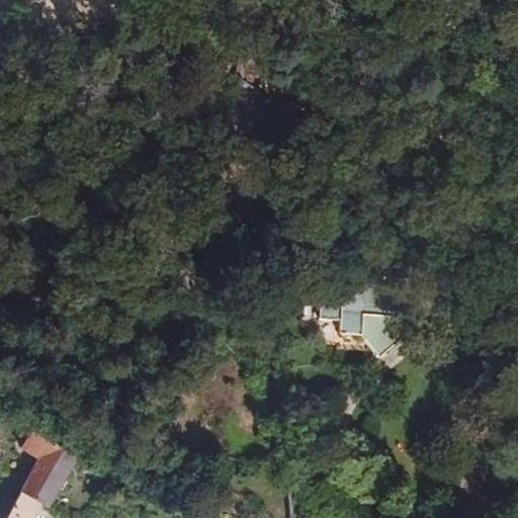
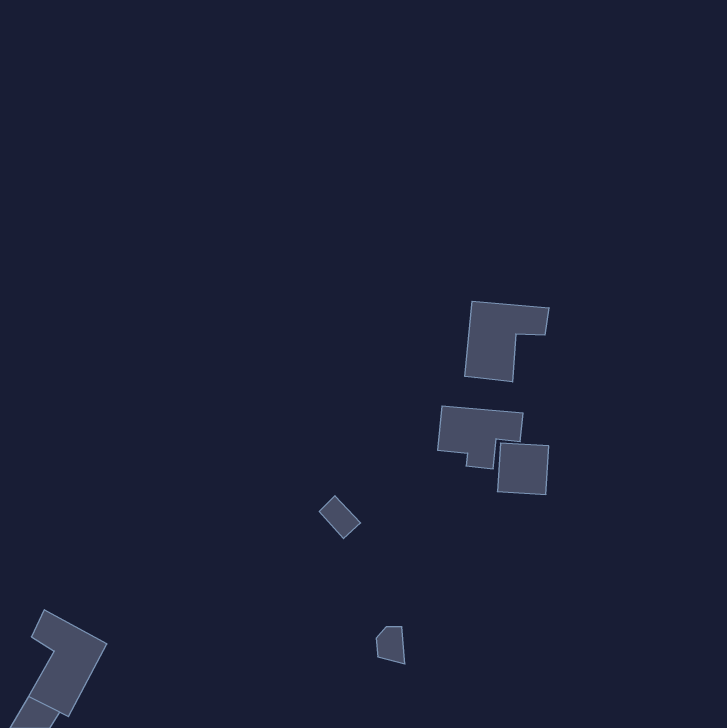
building: none -> [465,301,549,382]

